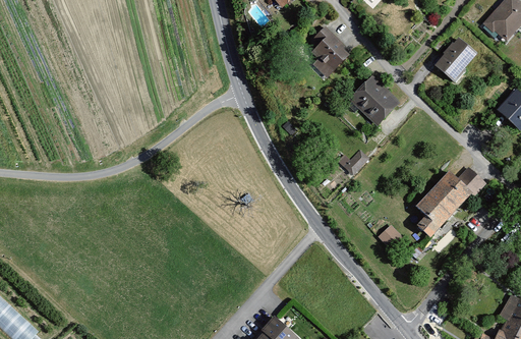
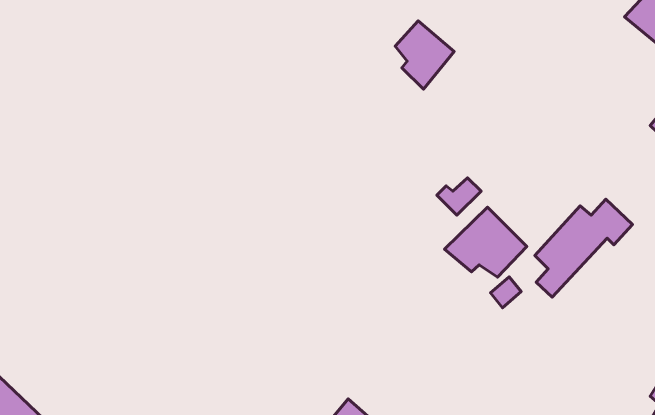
building: [433,40,474,81] -> none
building: [347,77,397,126] -> none
building: none -> [444,207,527,277]

